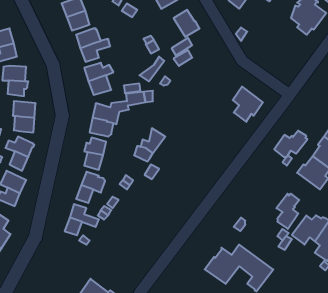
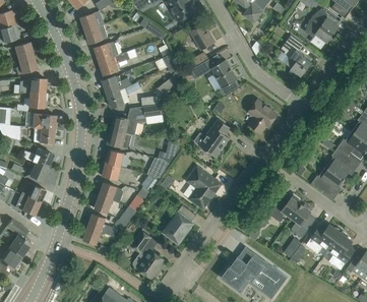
building: none -> [281,35,312,77]
building: none -> [210,59,239,95]
building: none -> [198,118,230,158]
building: [274,131,307,157] -> [269,195,302,221]
building: none -> [183,166,222,209]
building: none -> [164,204,196,243]
building: none -> [131,230,164,279]

